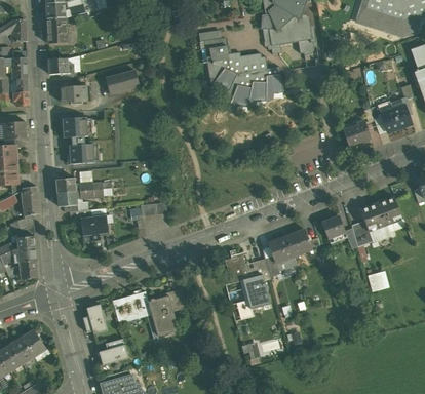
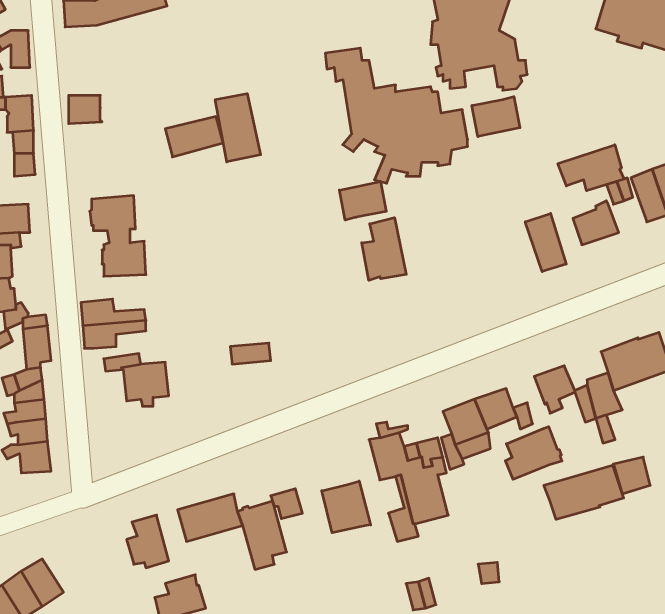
building: [46,17,67,44] -> none
building: none -> [215,94,261,162]
building: none -> [472,97,520,137]
building: [60,85,86,105] -> none
building: none -> [558,145,624,191]
building: none -> [339,181,386,220]
building: none -> [525,213,566,272]
building: none -> [362,218,406,280]
building: none -> [505,427,562,479]
building: none -> [544,465,624,519]
building: none -> [322,481,371,533]

